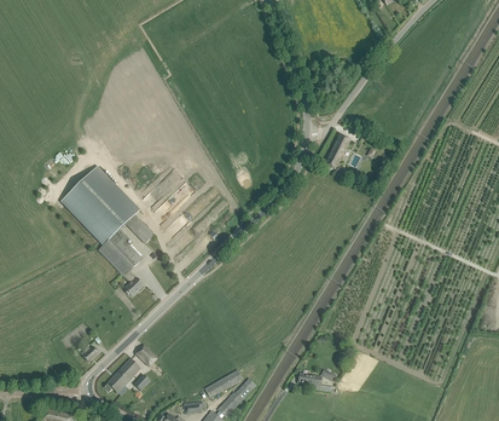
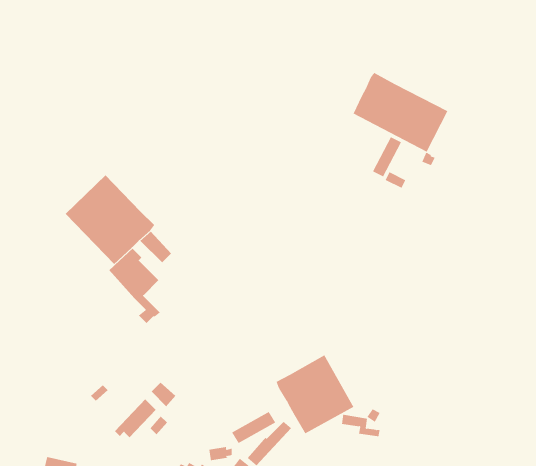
building: none -> [353,72,448,152]
building: none -> [276,354,354,434]

